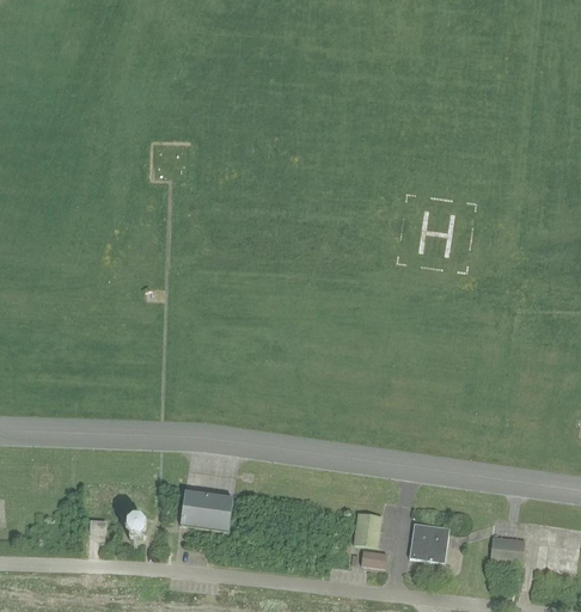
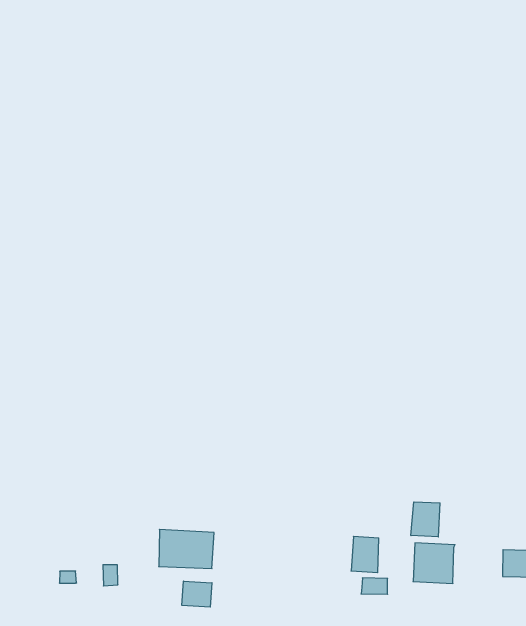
building: none -> [411,502,440,537]
building: none -> [182,581,212,607]

